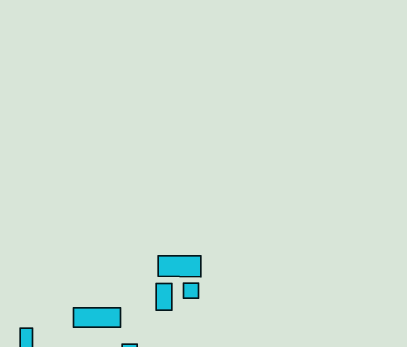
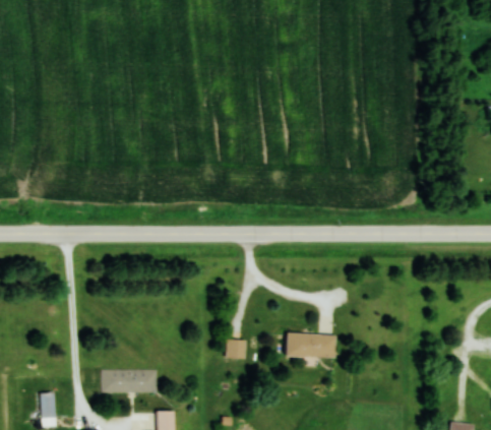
building: [158,256,201,277] -> [287,334,335,359]
building: [156,284,172,310] -> none

